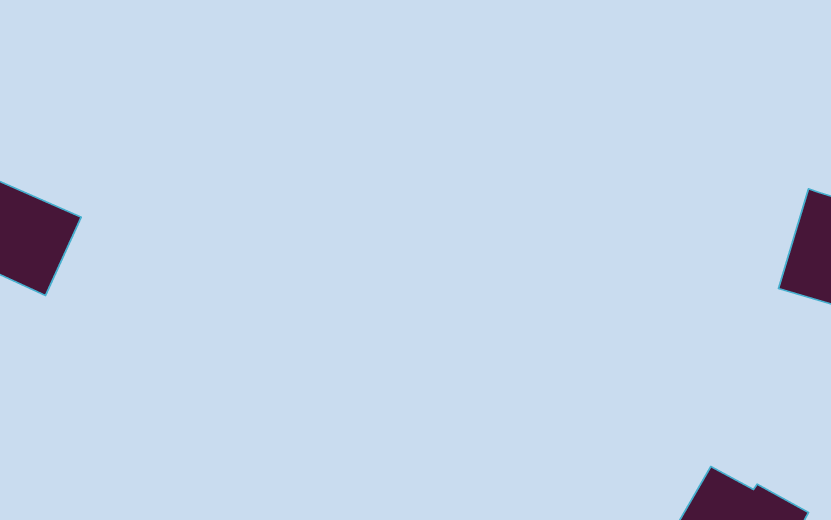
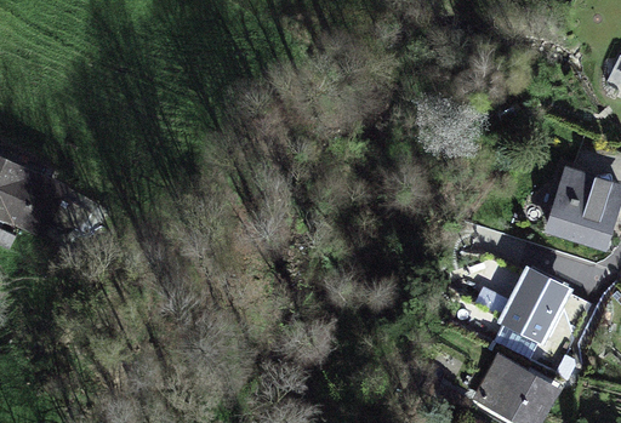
building: none -> [495,263,572,347]

